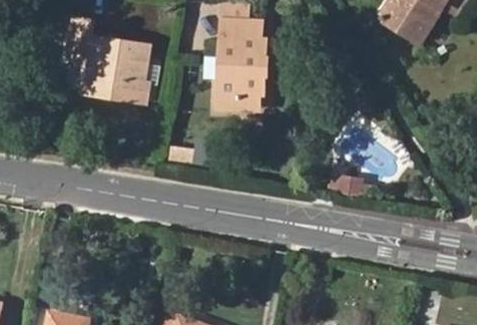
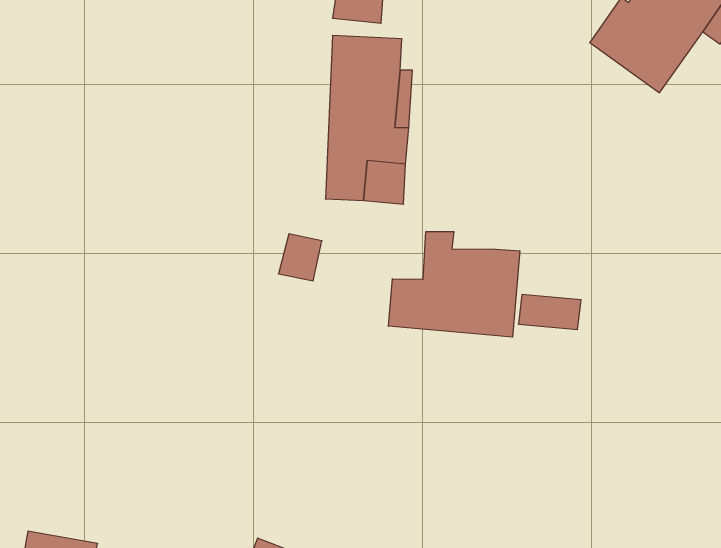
building: [70,22,153,107] -> none
building: none -> [388,232,520,337]

